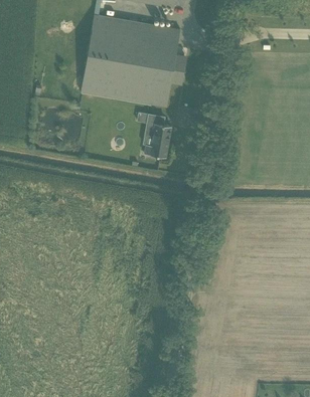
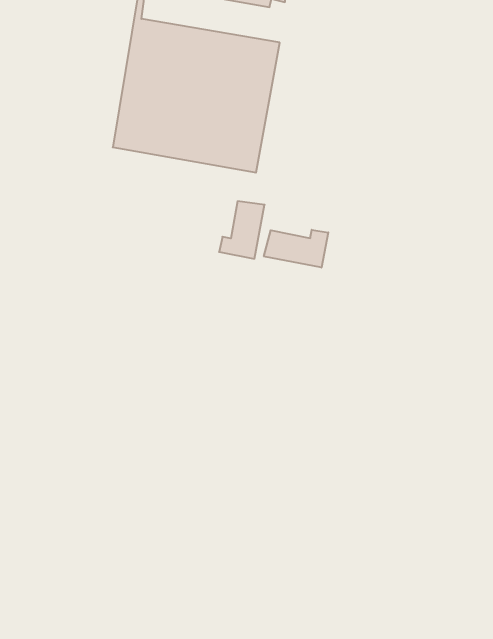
building: none -> [264,230,328,268]

